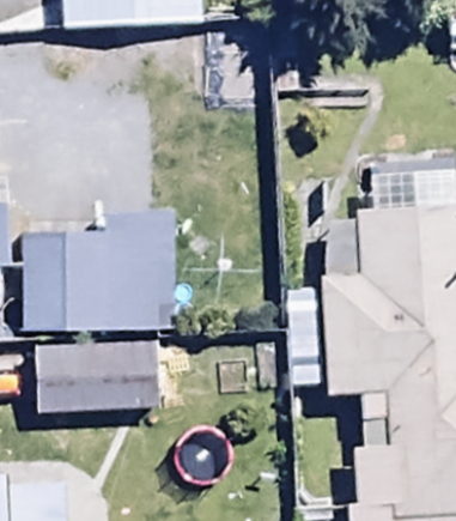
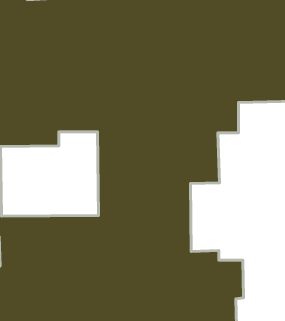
building: [32,339,162,419] -> none

